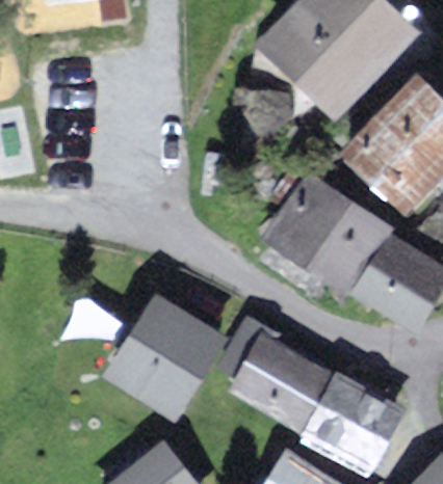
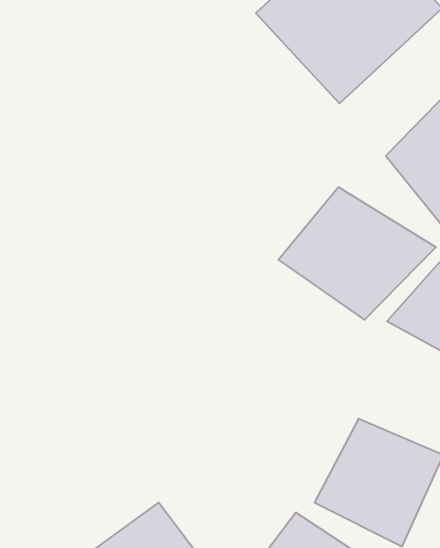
building: [99,294,229,428] -> none
building: [223,330,328,431] -> none

